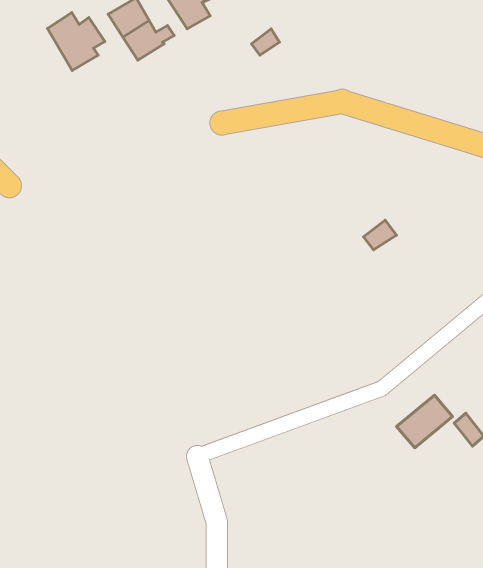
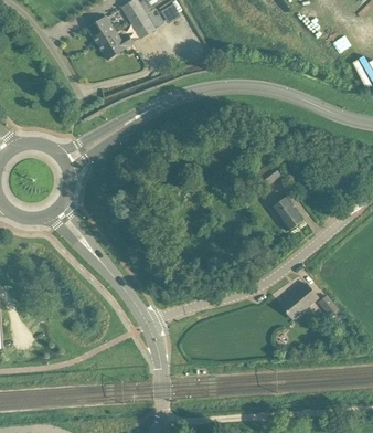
building: [47,13,105,71] -> none
building: none -> [271,196,305,231]

